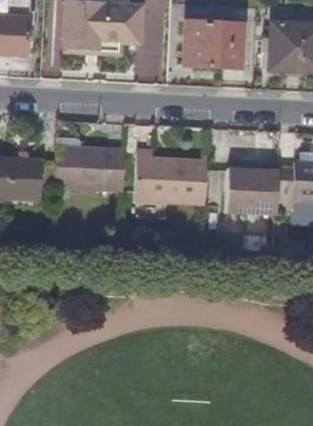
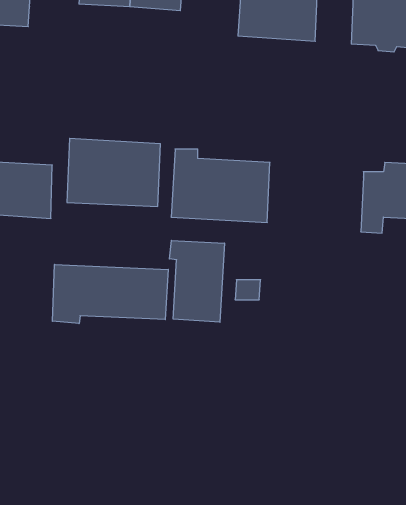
building: [225,168,278,212] -> none
building: none -> [169,240,224,322]
building: none -> [52,264,168,324]

